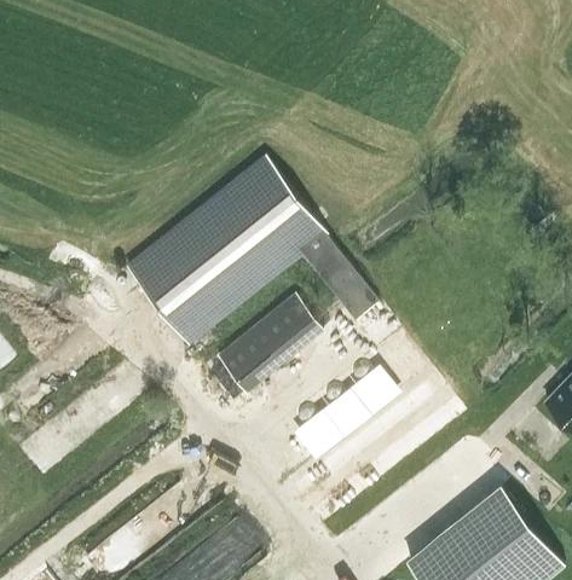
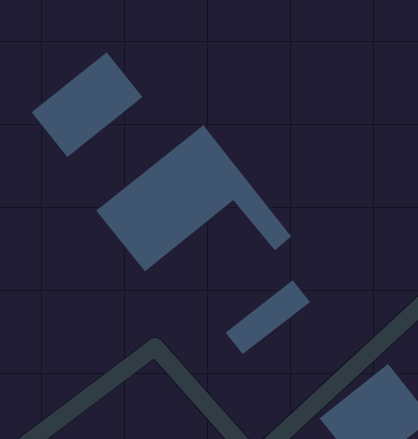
building: none -> [31,51,143,158]
building: [216,297,322,394] -> none

